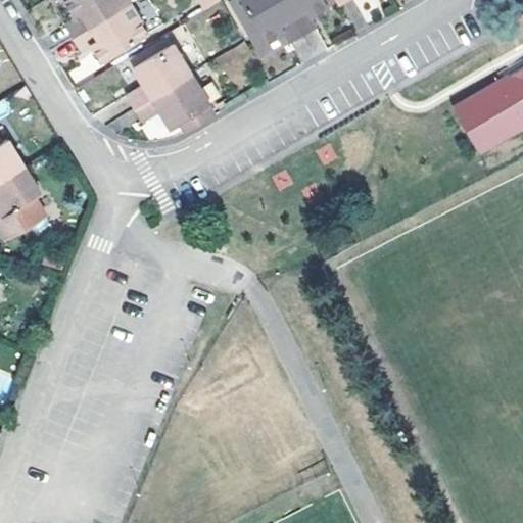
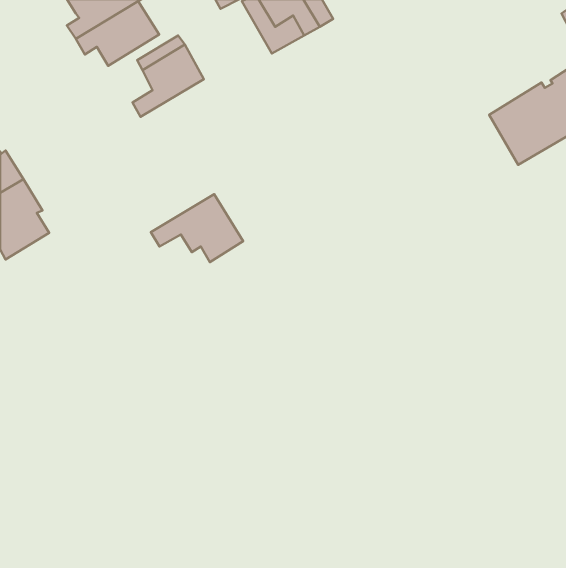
building: [132,73,217,135] -> [151,194,243,262]

